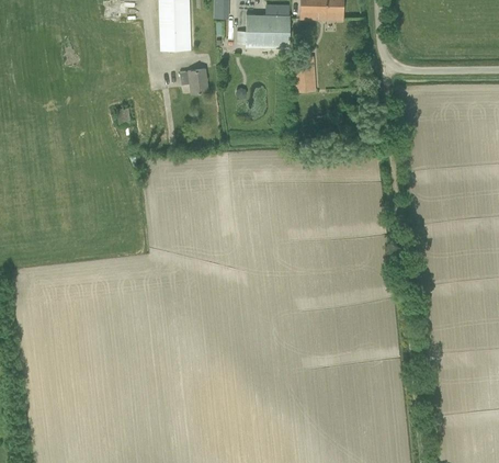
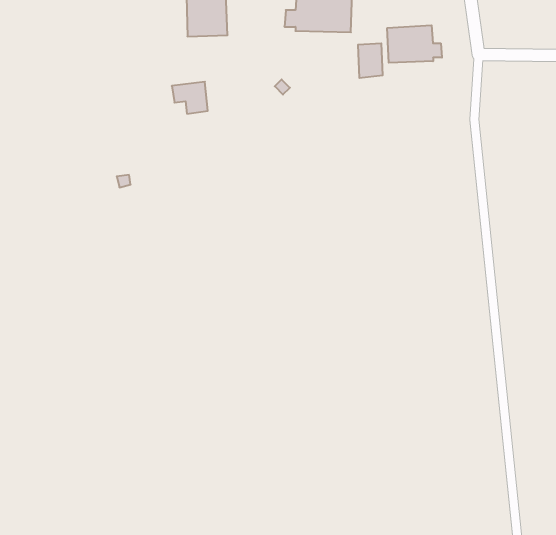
building: none -> [387,25,442,63]
building: [179,68,207,93] -> [172,82,208,114]

